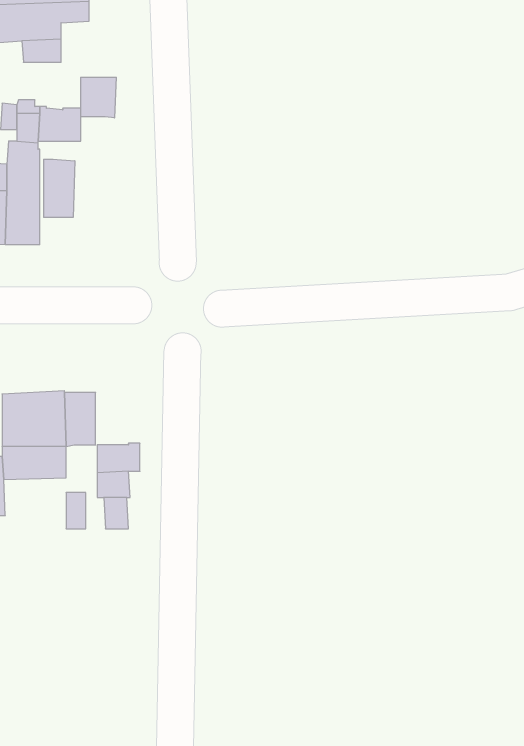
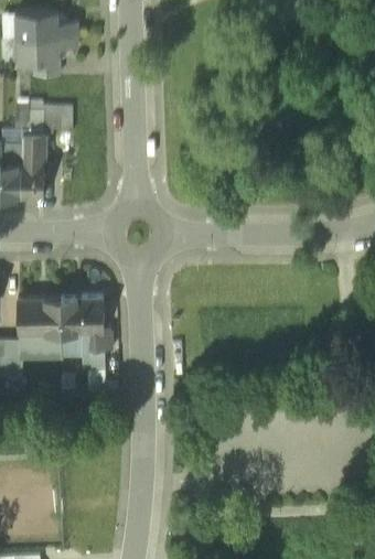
building: [81,77,116,118] -> none
building: [44,159,75,217] -> none
building: none -> [83,298,105,333]

